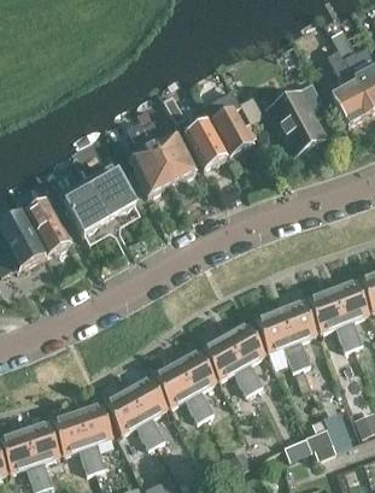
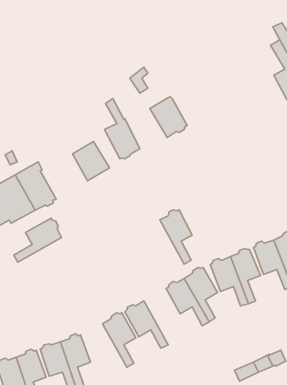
building: [268,82,328,153] -> none
building: [203,92,257,154] -> none
building: [142,119,197,181] -> none
building: [64,187,109,234] -> none
building: none -> [14,218,62,262]
building: [176,351,215,416] -> [160,210,192,264]
building: [105,391,156,447] -> none

